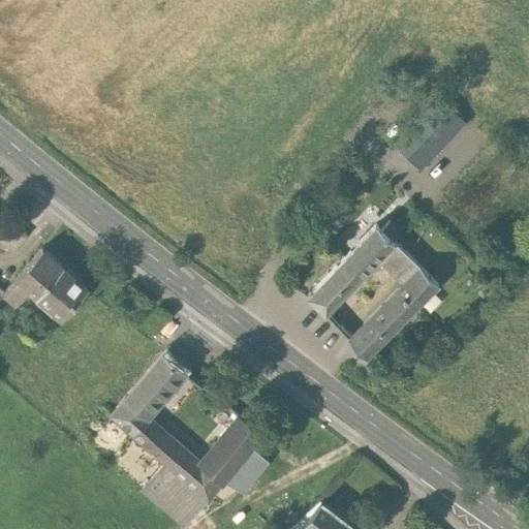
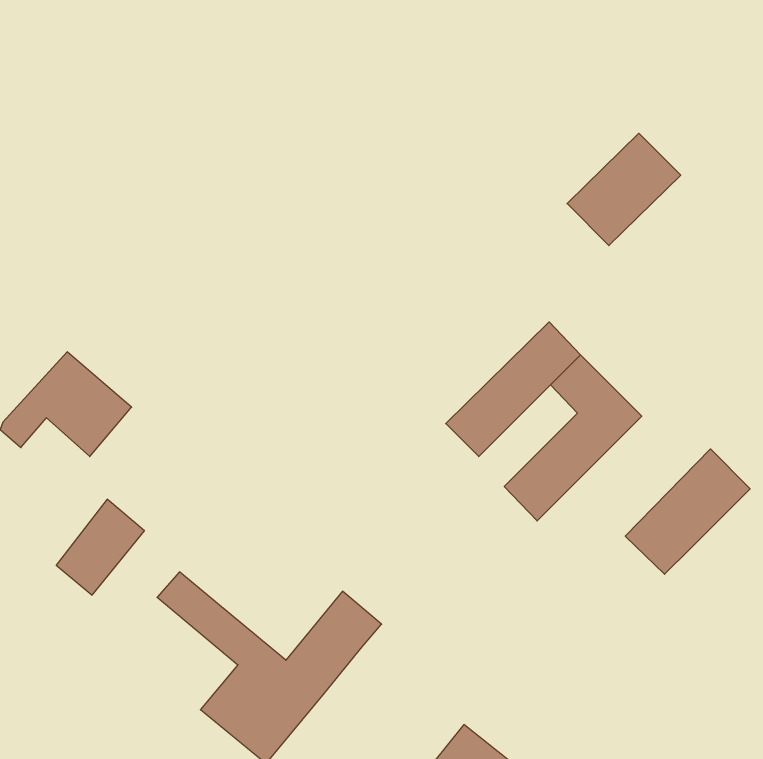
building: none -> [625,449,750,574]
building: [124,353,185,419] -> [56,499,144,595]
building: [224,450,268,496] -> none

